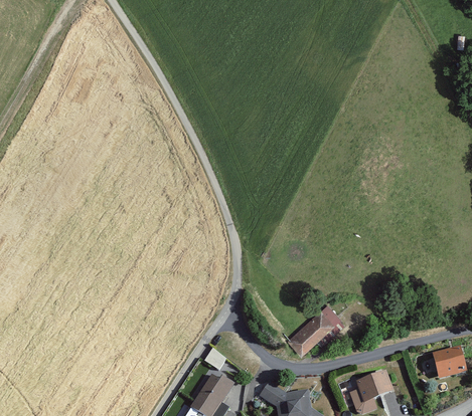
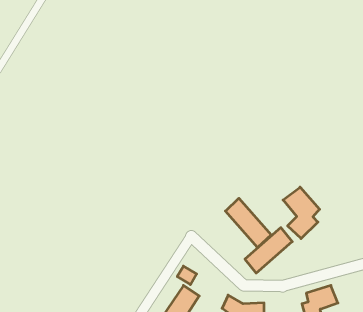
building: none -> [283,187,320,239]
building: none -> [225,198,271,248]

